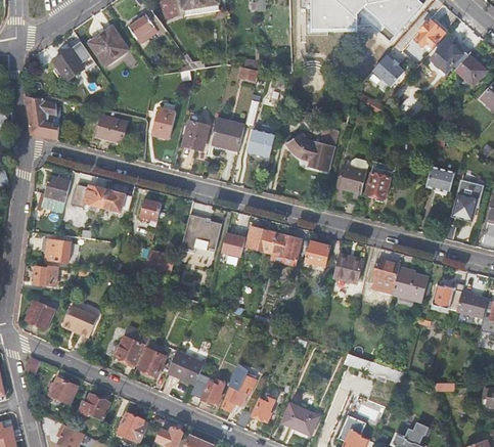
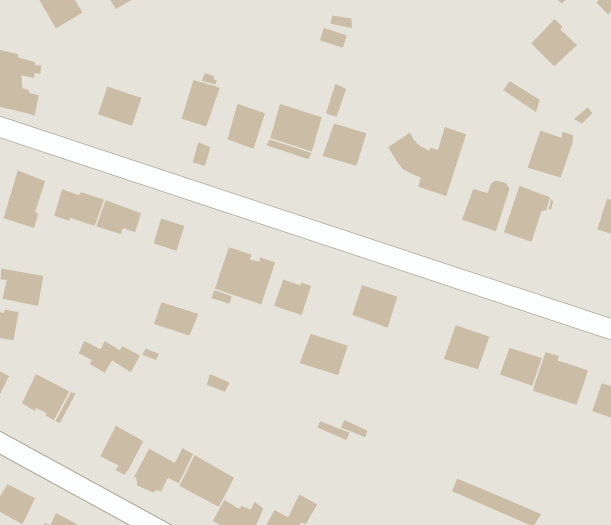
building: none -> [527,129,575,179]
building: [244,226,276,253] -> [298,333,349,376]
building: [307,242,328,270] -> none
building: none -> [77,340,141,374]

